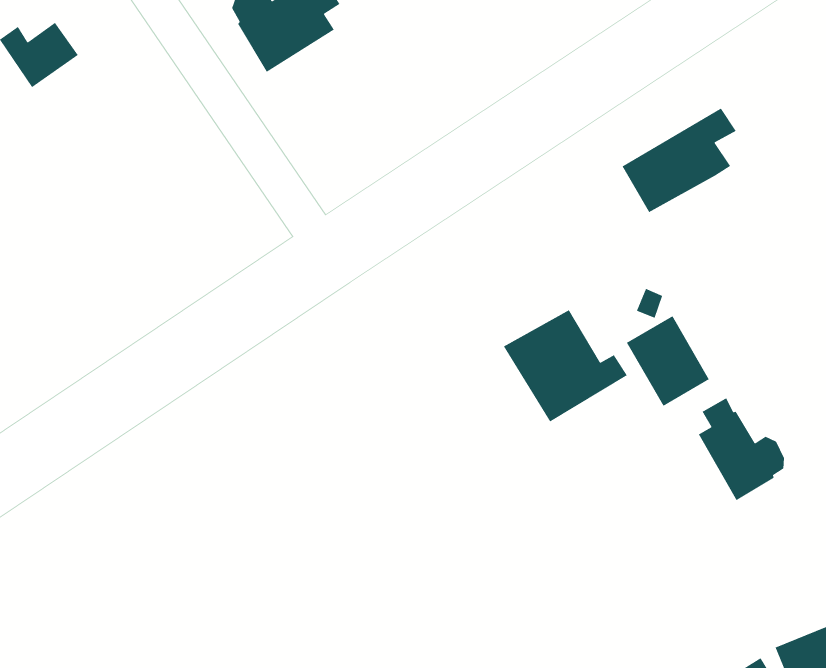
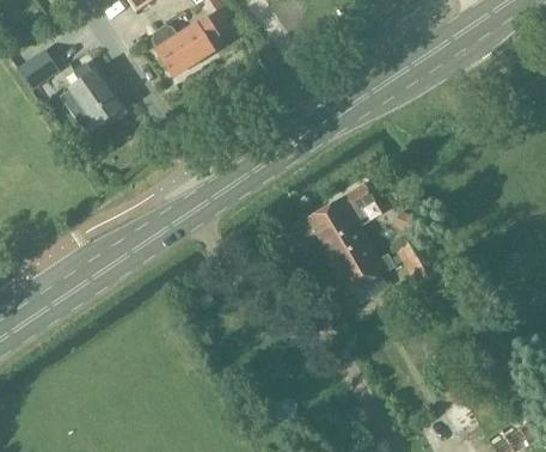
building: none -> [60,61,119,127]
building: [622,108,737,213] -> [301,182,372,246]
building: [698,397,785,501] -> none

